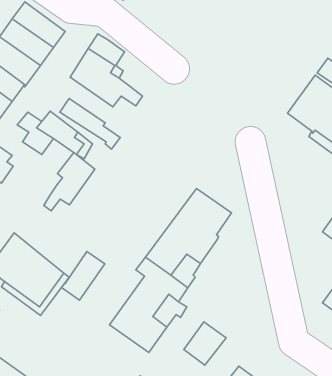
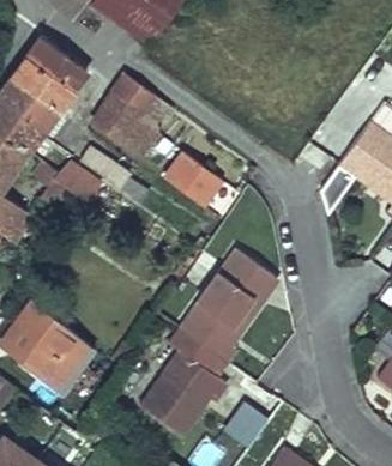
building: none -> [164,151,222,205]
building: [44,152,95,211] -> none
building: [62,252,105,300] -> none

